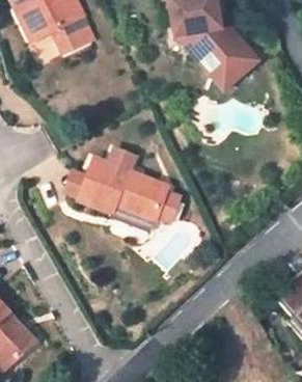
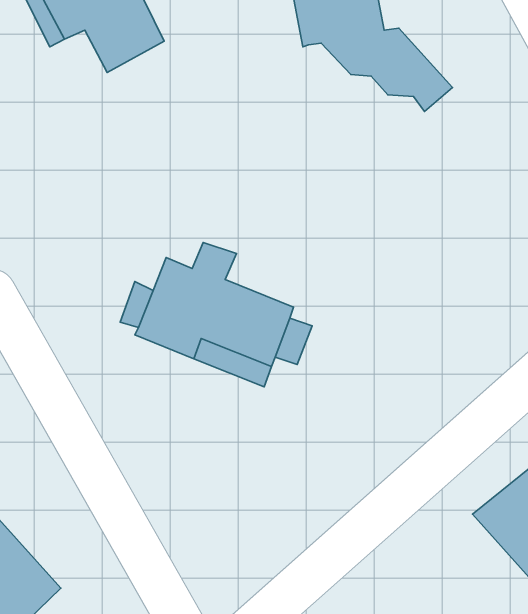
building: [174,36,240,90] -> none

